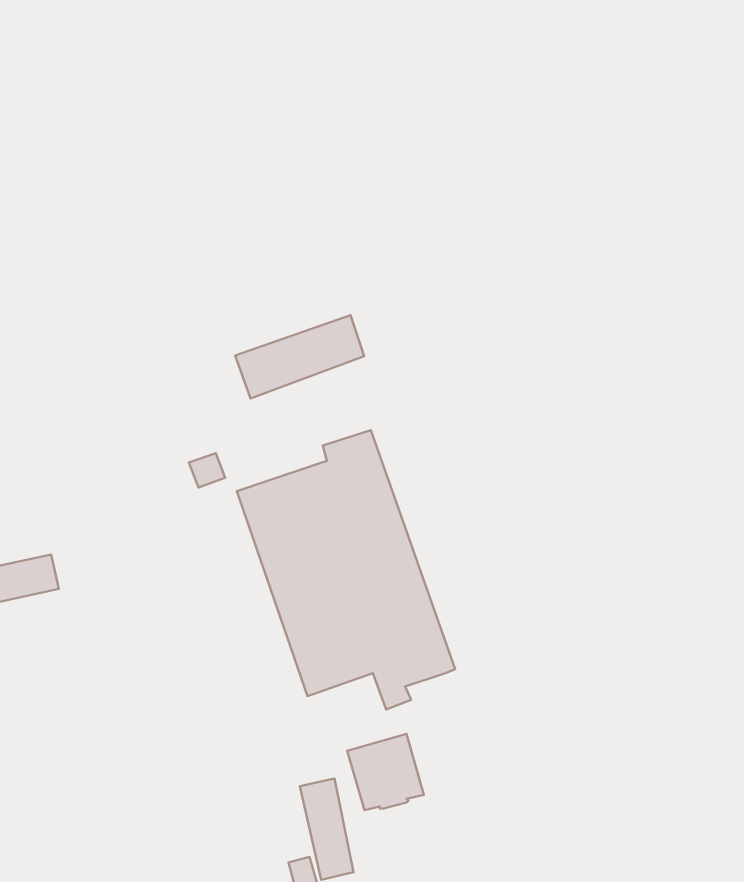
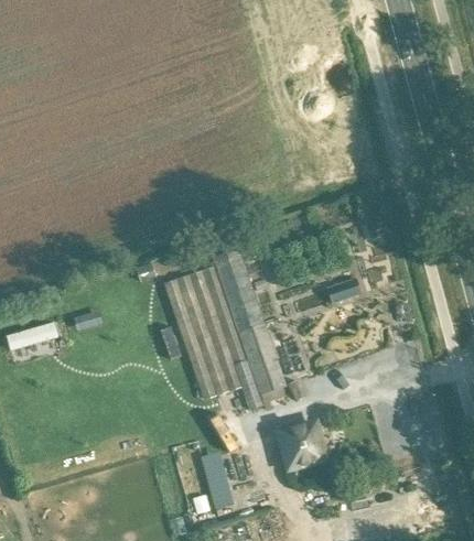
building: [235,315,364,398] -> none
building: [347,734,424,810] -> [281,423,325,467]

